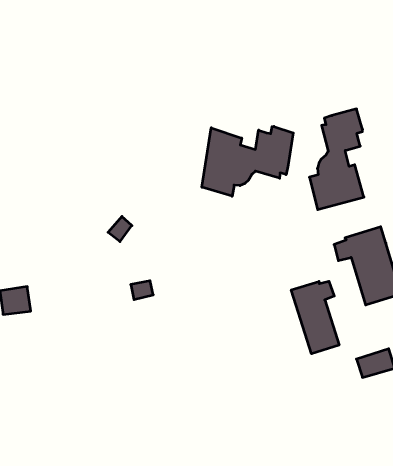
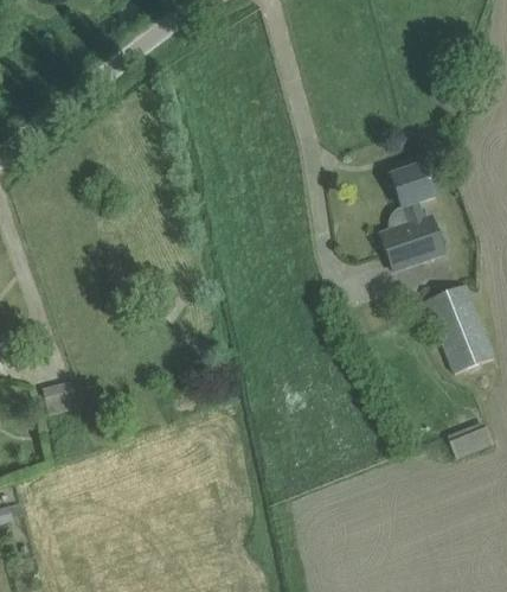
building: [202,126,293,196] -> none
building: [291,281,339,354] -> none

